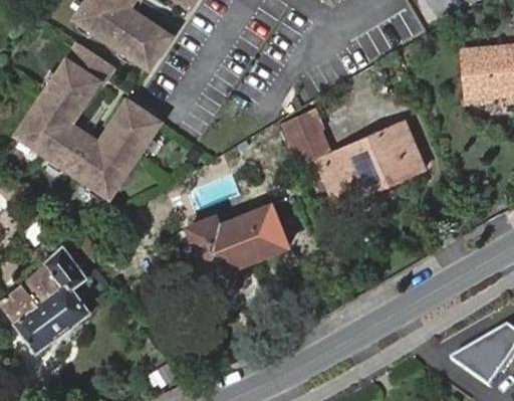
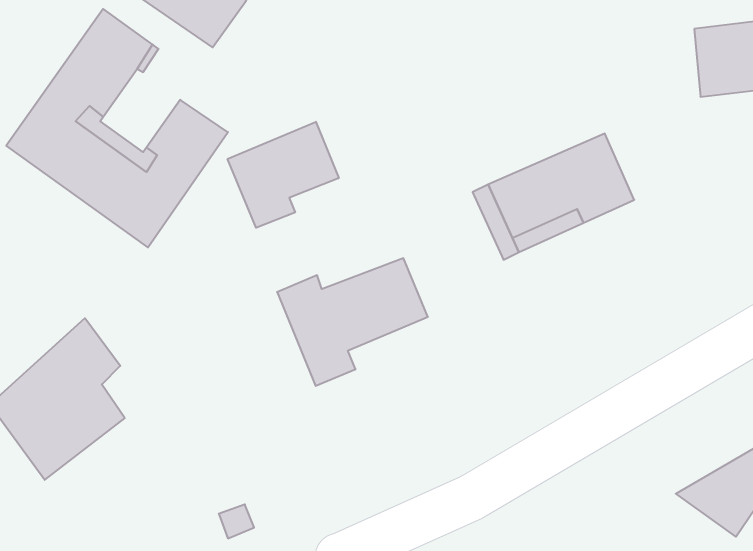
building: [284,114,328,162] -> none
building: none -> [228,122,339,228]

